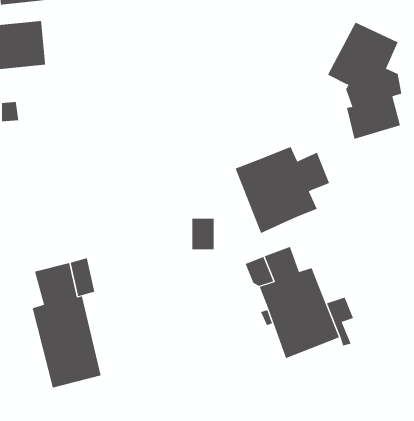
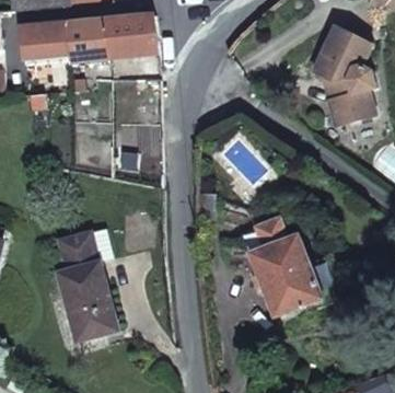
building: none -> [66,14,158,61]
building: [235,146,330,234] -> none

